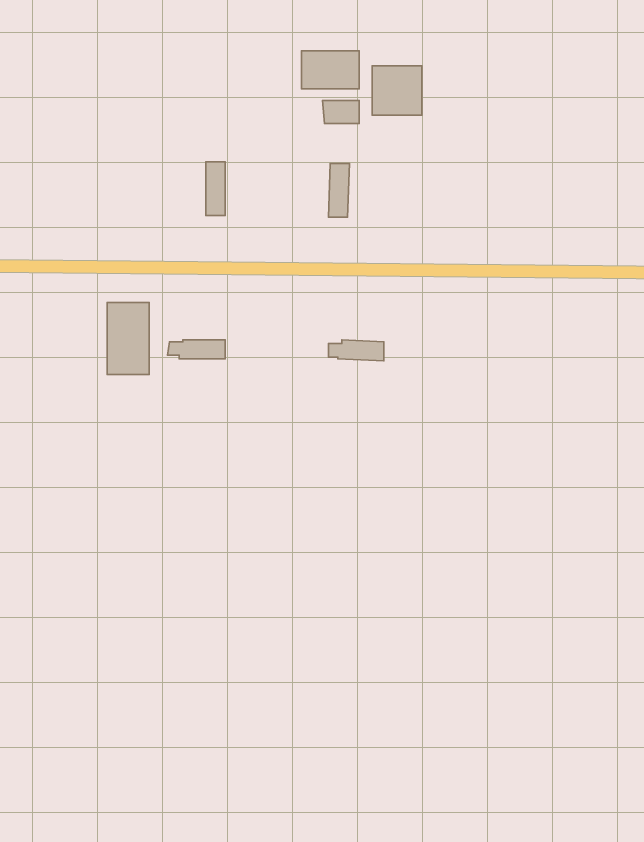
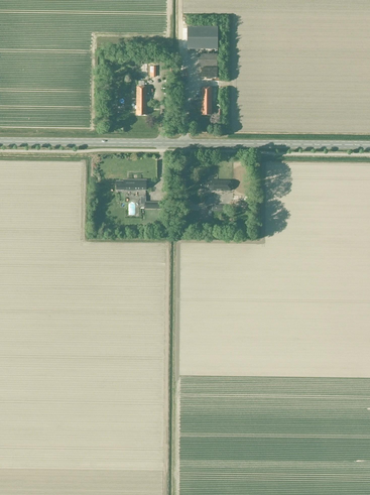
building: [372,66,422,115] -> none
building: [107,303,149,374] -> none

